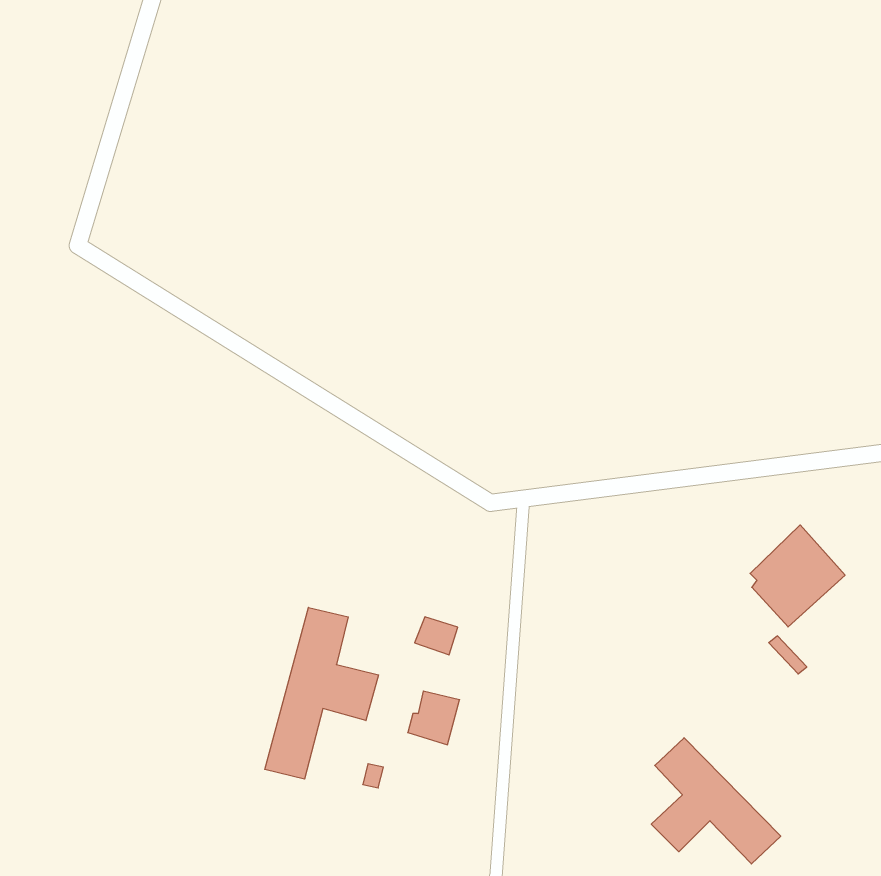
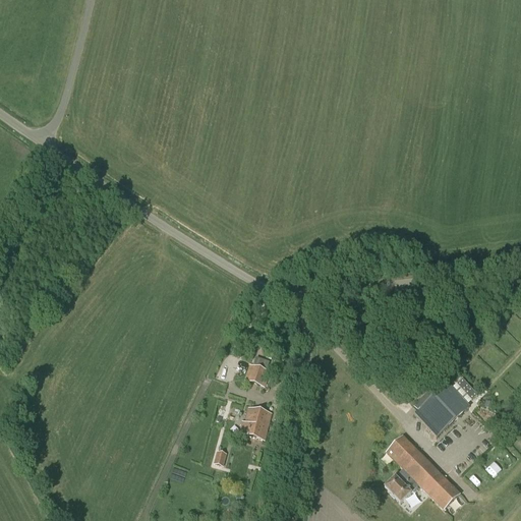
building: [750,525,845,627] -> [414,375,470,436]
building: [265,607,379,779] -> none

